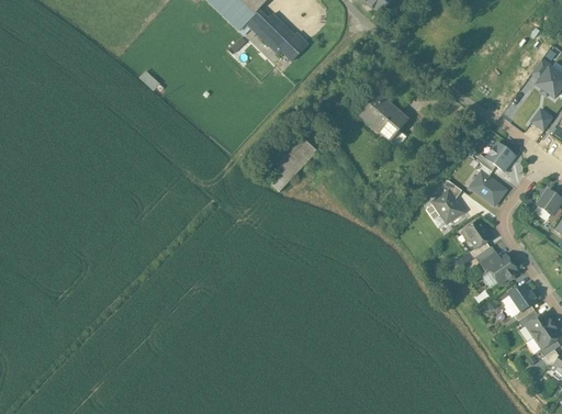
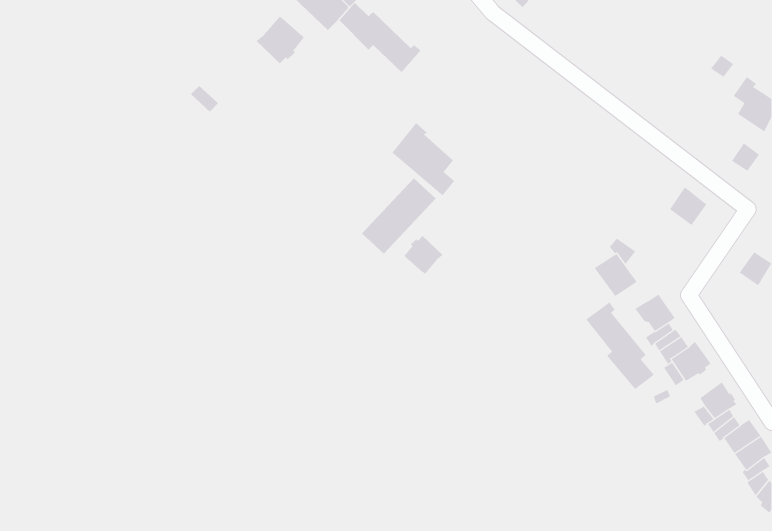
building: none -> [255,16,304,64]
building: [360,92,407,146] -> [392,122,457,196]
building: [469,171,506,205] -> none
building: none -> [404,235,444,274]
building: none -> [586,302,655,390]

